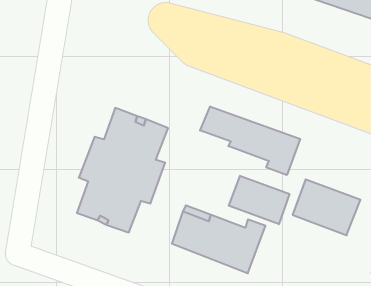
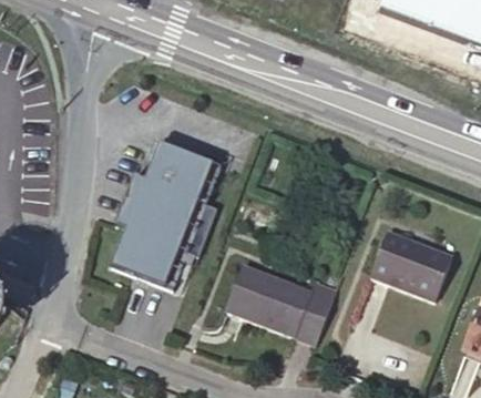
building: [200,106,300,175] -> none
building: [229,176,289,224] -> none

